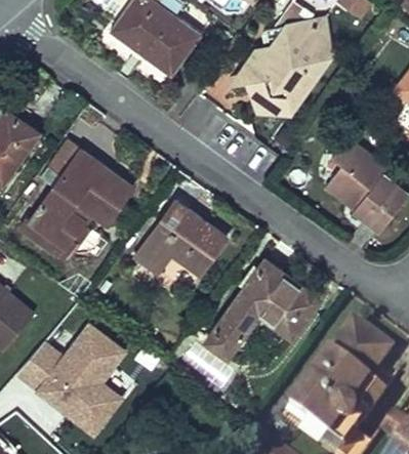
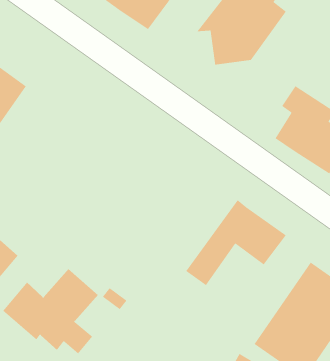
building: [26,140,135,263] -> none
building: [126,194,236,291] -> none

